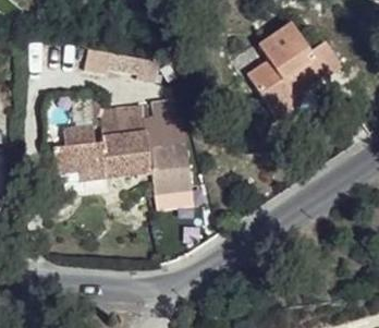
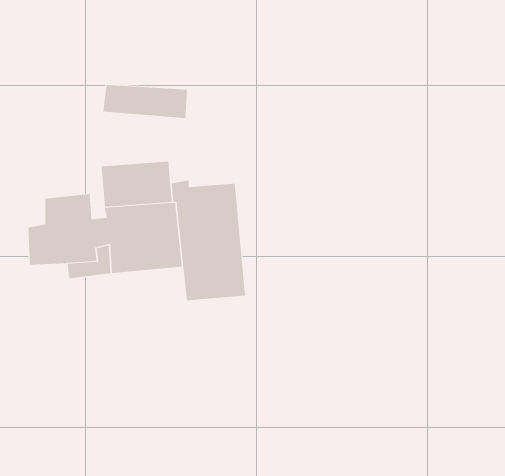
building: [247,22,343,119] -> none

